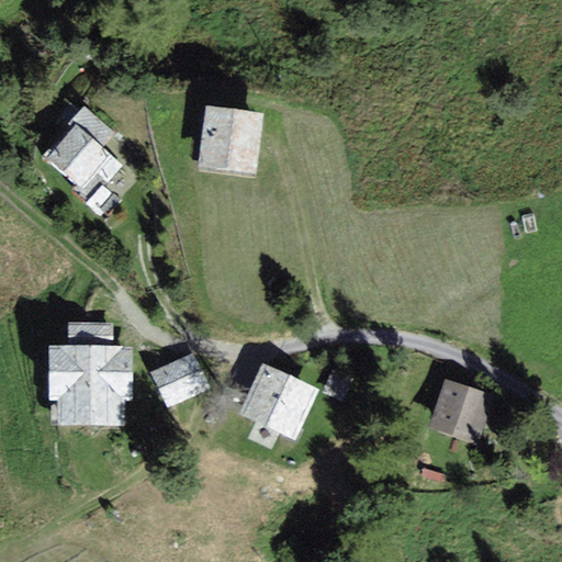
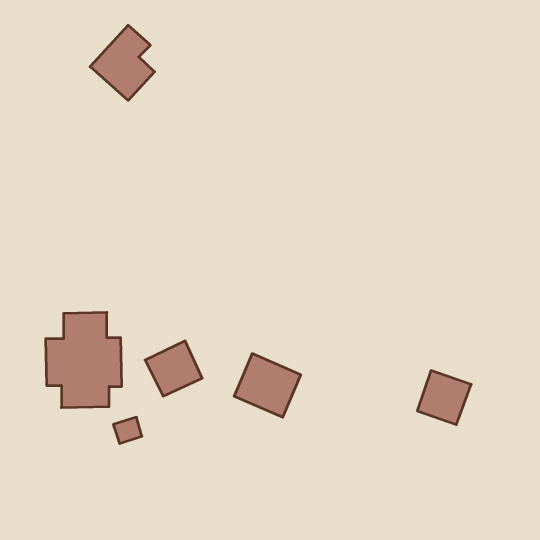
building: [204,108,255,169] -> none
building: [46,112,113,190] -> [90,25,155,100]

